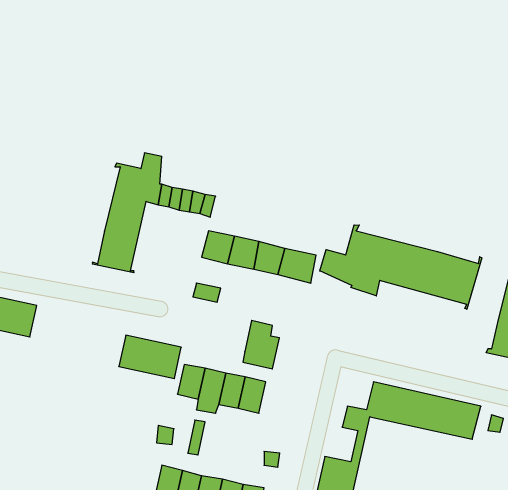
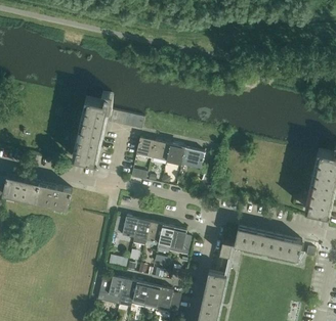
building: [320,225,482,309] -> none
building: [243,320,279,369] -> [168,227,190,256]
building: [119,335,181,379] -> [34,182,71,208]

